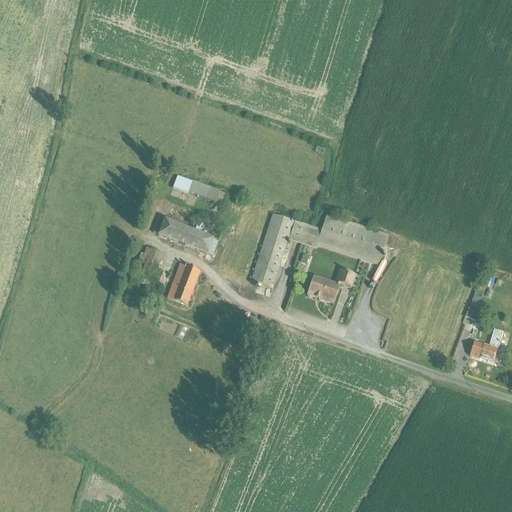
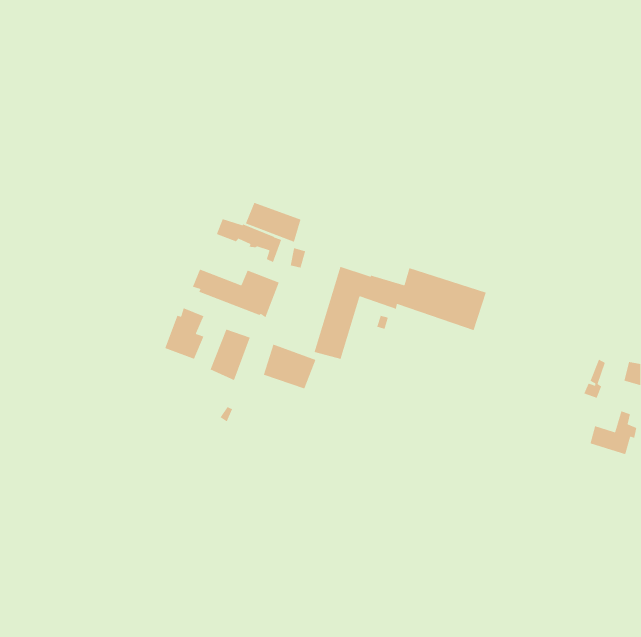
building: none -> [245,202,301,243]
building: [307,267,356,302] -> none
building: none -> [263,343,317,390]

